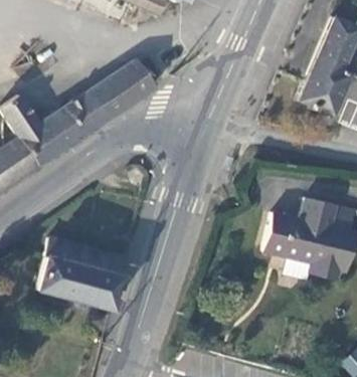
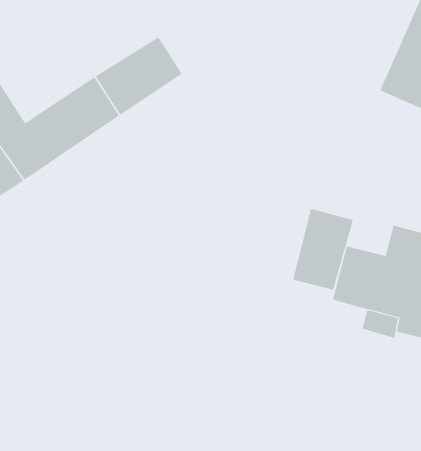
building: none -> [292,208,354,291]
building: [37,239,129,312] -> none

